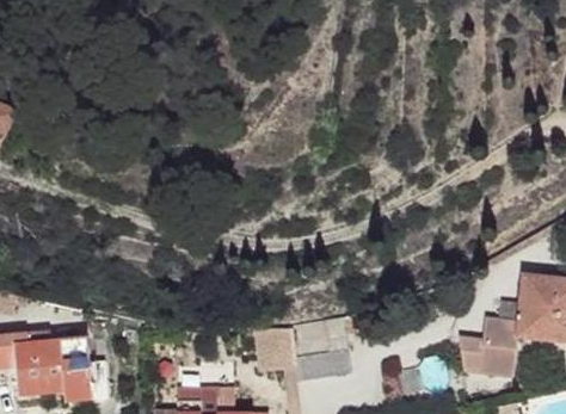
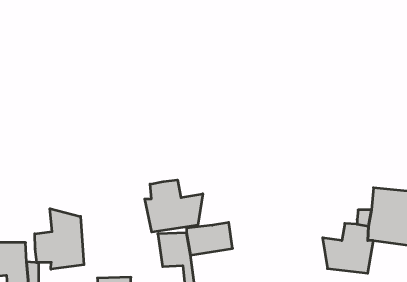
building: none -> [145,180,203,232]
building: none -> [35,209,84,269]

